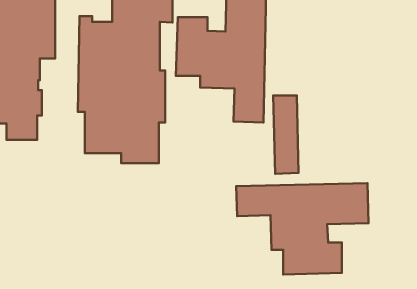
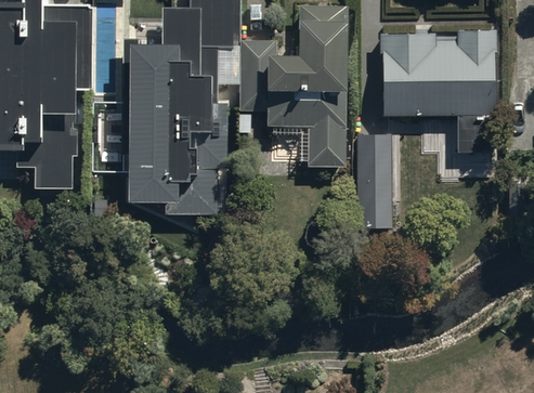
building: none -> [380,30,498,153]
building: [236,183,369,275] -> none

